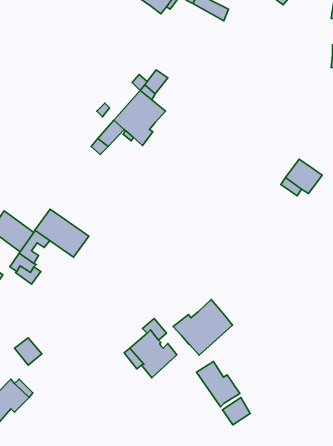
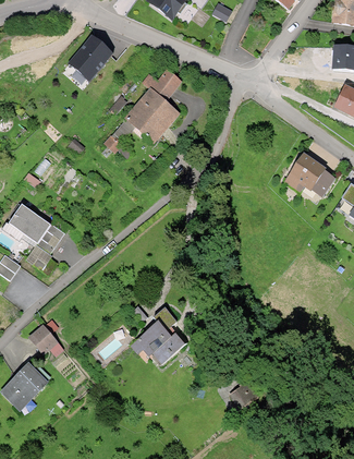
building: none -> [68,34,114,81]
building: [35,209,89,257] -> none
building: [173,300,233,355] -> none
building: [197,362,240,407] -> none

